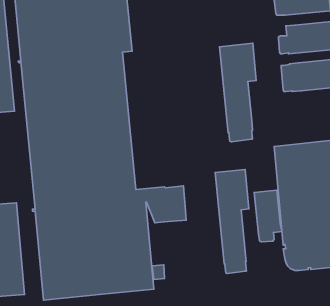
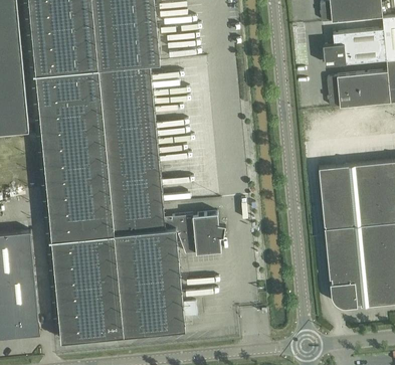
building: [220,43,256,142] -> none
building: [215,169,249,274] -> none
building: [254,190,282,242] -> none

